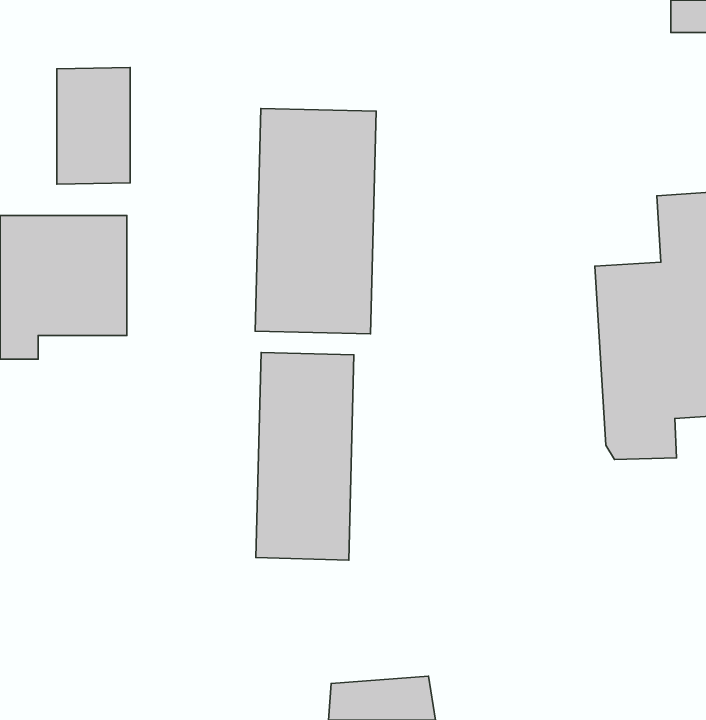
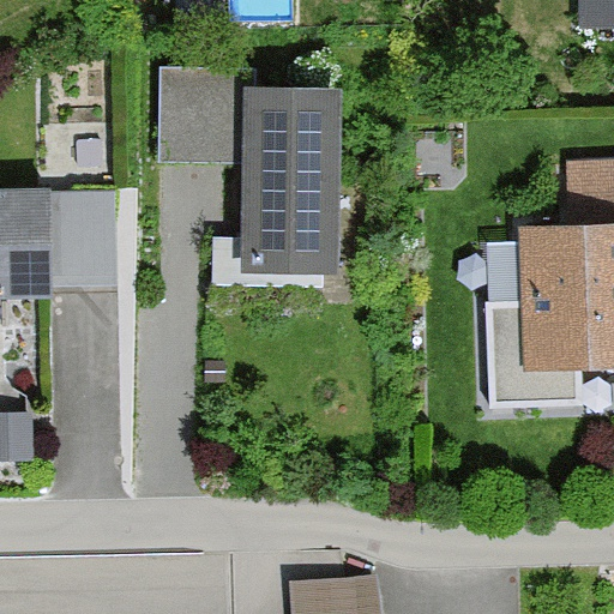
building: [57,67,130,184] -> [157,64,219,163]
building: [256,353,354,560] -> none

